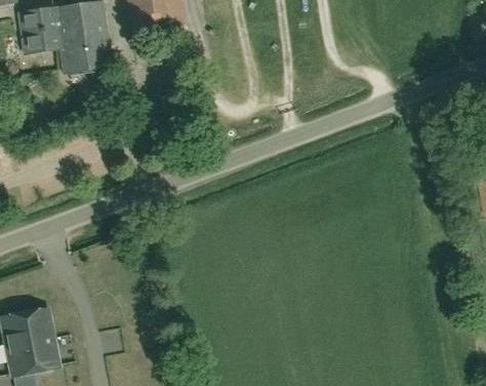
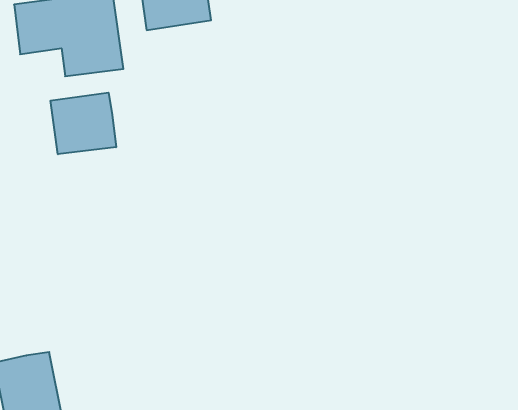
building: none -> [51,93,116,154]

